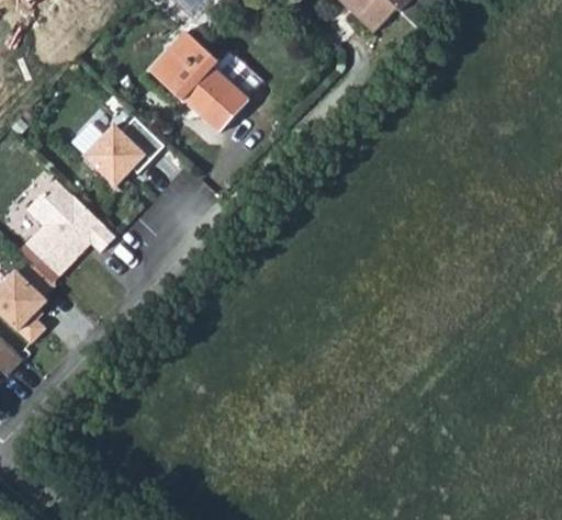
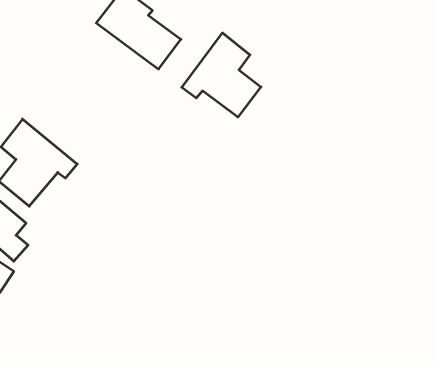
building: none -> [182,33,261,117]
building: [72,115,165,184] -> none

